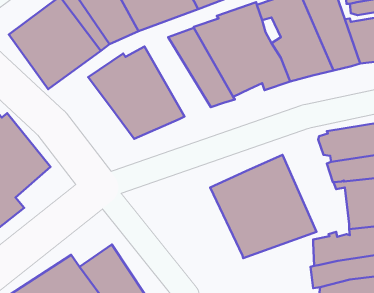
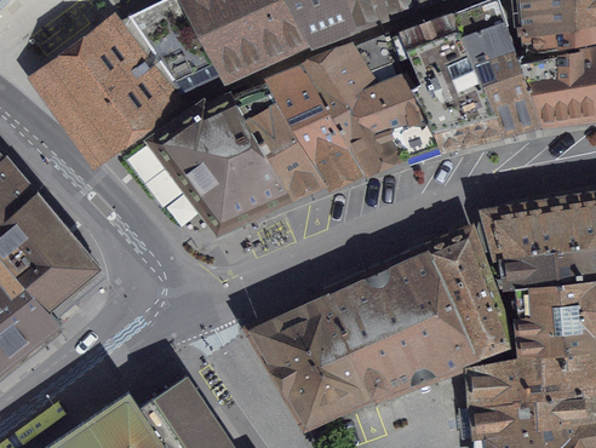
building: none -> [233,84,327,196]
building: none -> [429,232,511,360]
building: none -> [251,297,372,424]

